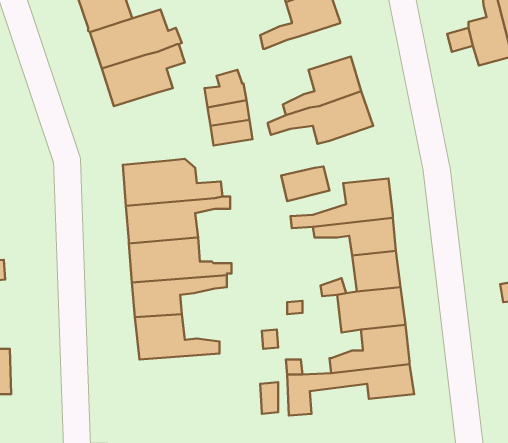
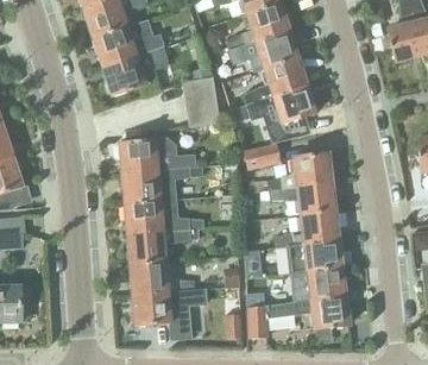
building: none -> [257,30,298,67]
building: none -> [132,289,207,342]

